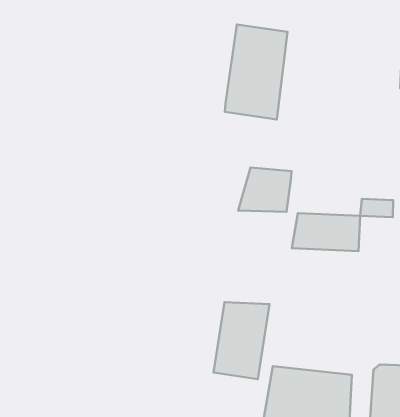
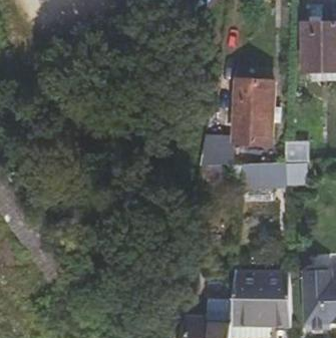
building: [225,24,288,119] -> [234,79,273,143]
building: [213,302,269,379] -> none

